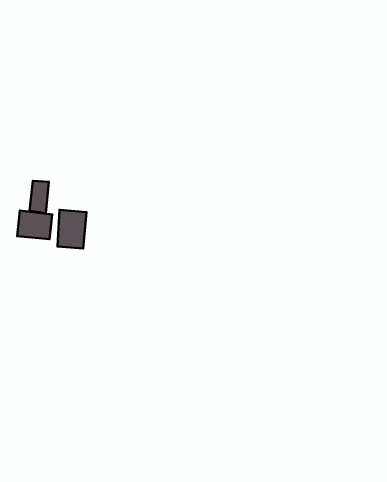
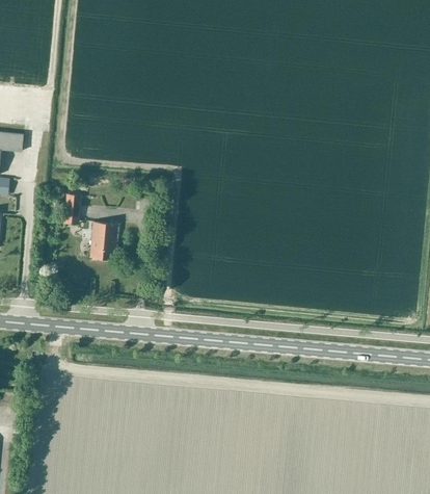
building: [17,210,52,239] -> none

